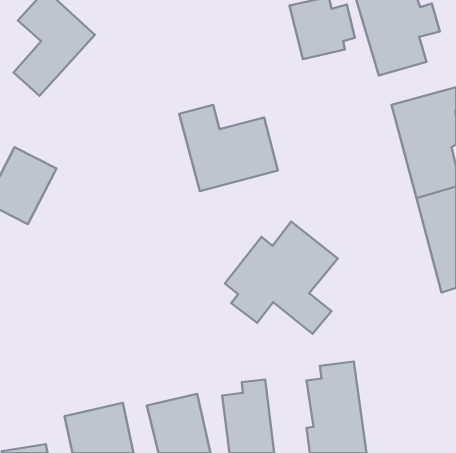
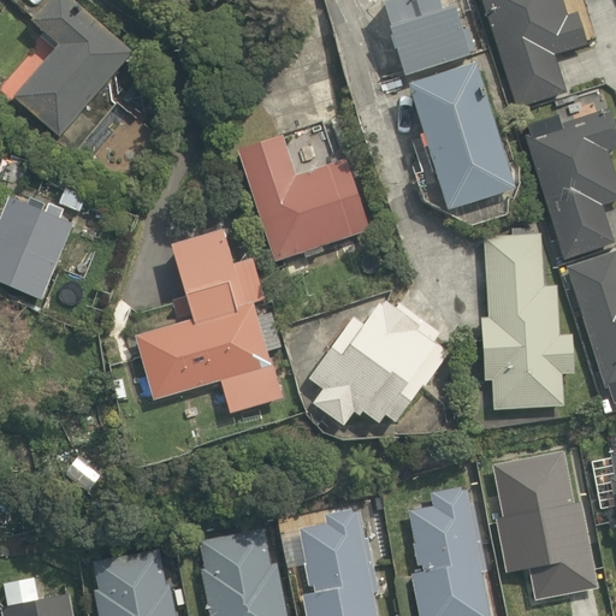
building: none -> [409,70,509,208]
building: none -> [138,237,280,420]
building: none -> [480,238,574,413]
building: none -> [490,452,594,599]

